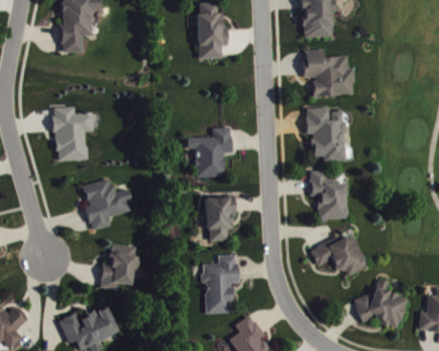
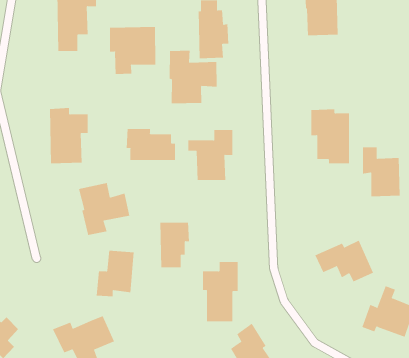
building: none -> [109,26,156,75]
building: [303,50,353,95] -> none
building: none -> [169,50,217,104]
building: none -> [126,128,175,161]
building: [309,170,347,219] -> [362,147,401,197]
building: [205,197,234,241] -> [160,222,190,268]

